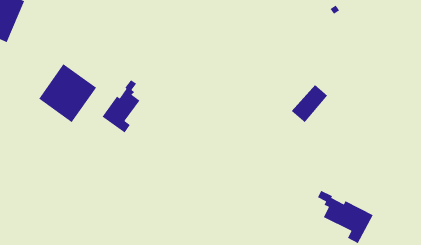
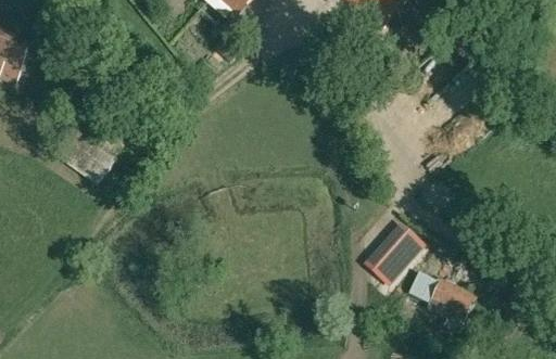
building: [101,79,141,134] -> none
building: [291,84,328,123] -> [365,223,412,272]

